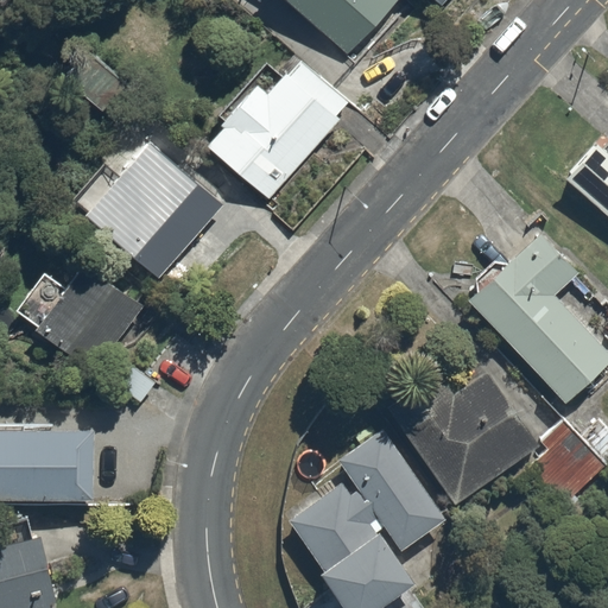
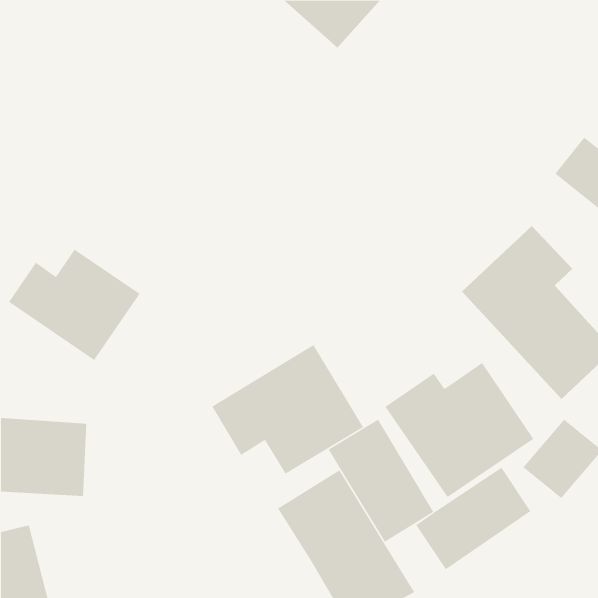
building: [198,57,349,200] -> none
building: [84,135,232,283] -> none
building: none -> [211,344,364,475]
building: none -> [415,467,531,570]

